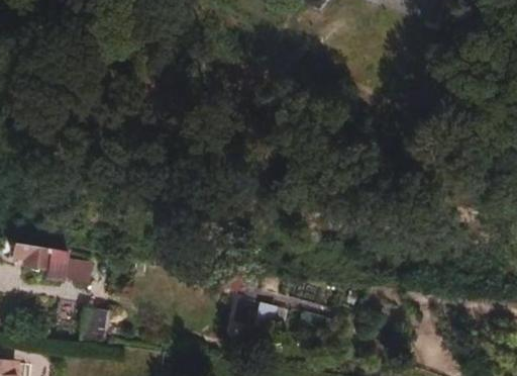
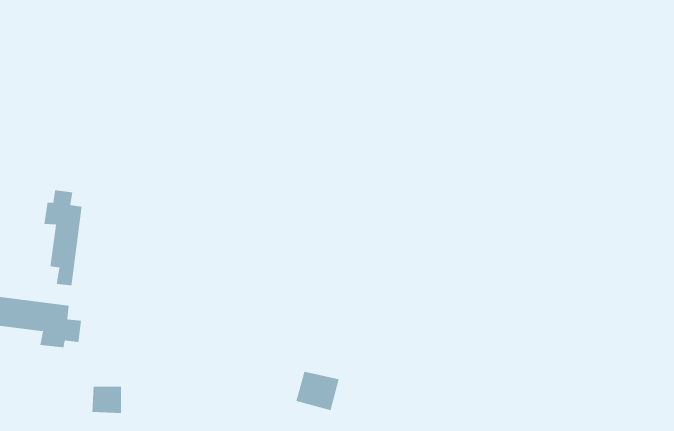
building: none -> [44,190,82,286]

